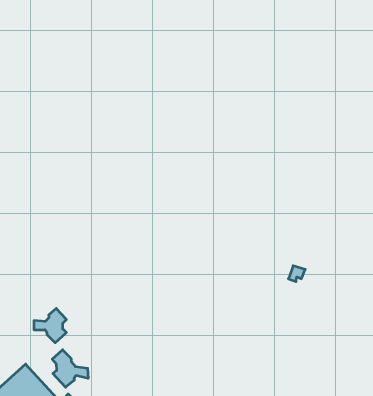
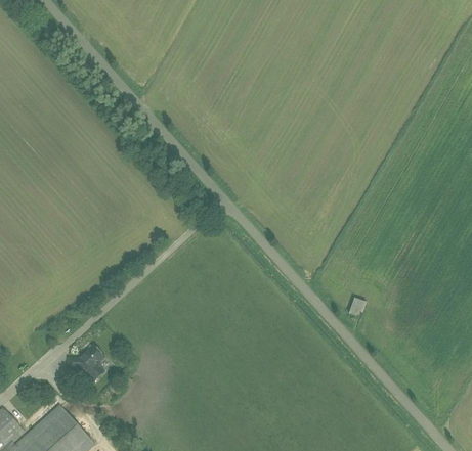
building: [52,350,88,387] -> none

